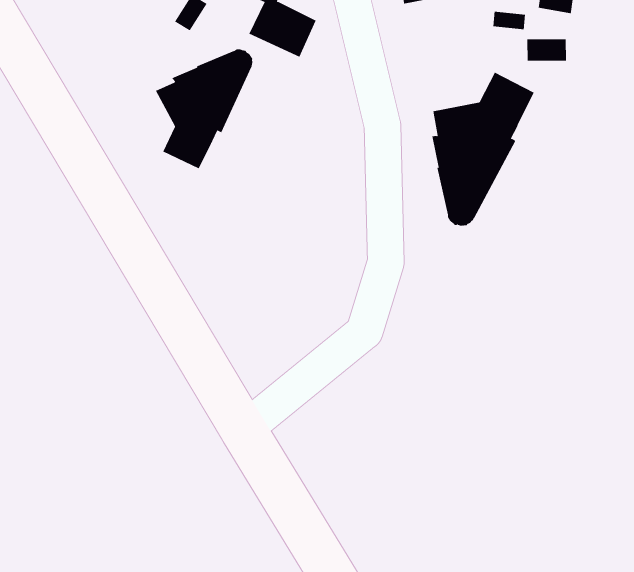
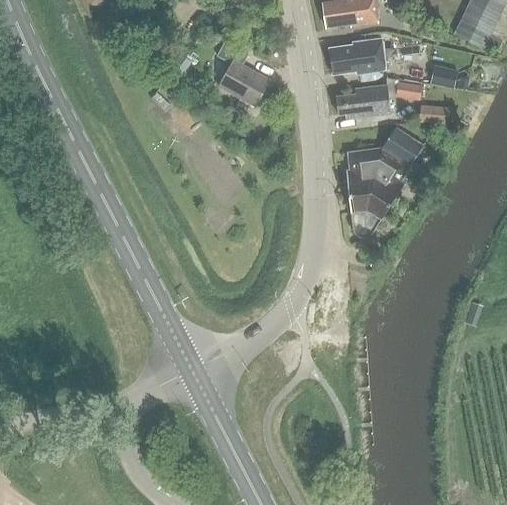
building: none -> [336,84,391,117]
building: [155,49,253,169] -> none

